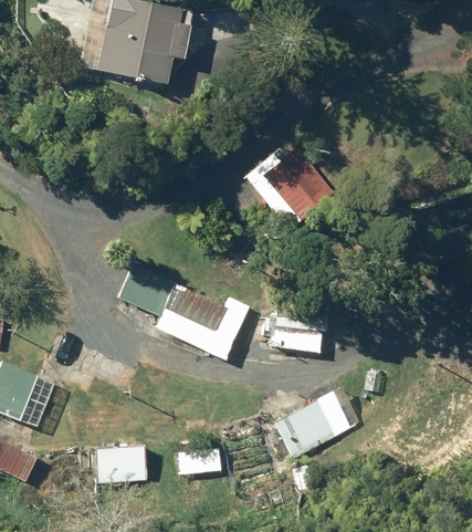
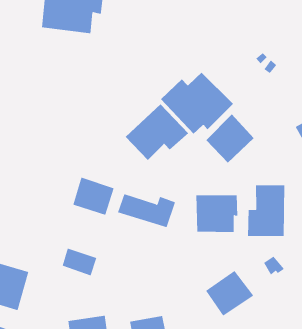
building: none -> [125,103,189,161]
building: none -> [205,114,255,164]
building: none -> [247,184,285,237]

